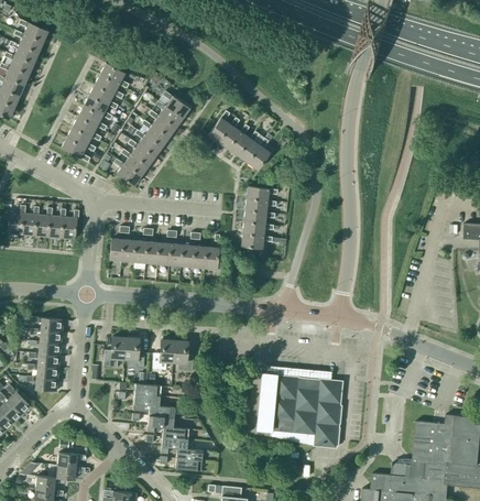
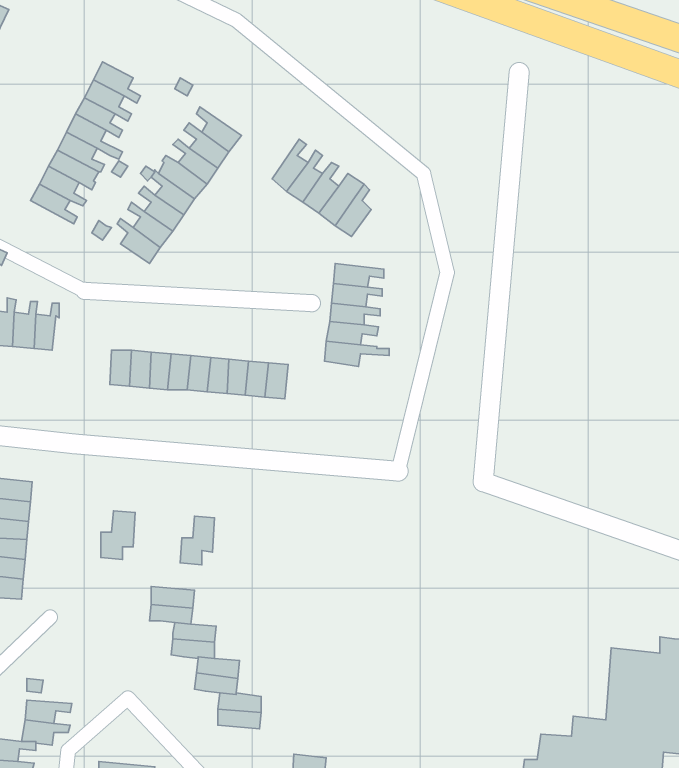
building: [123,338,144,368] -> none
building: [172,341,193,371] -> none
building: [257,373,342,448] -> none

